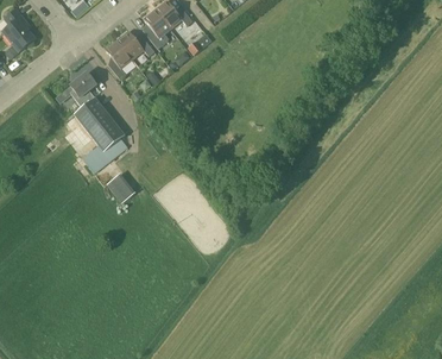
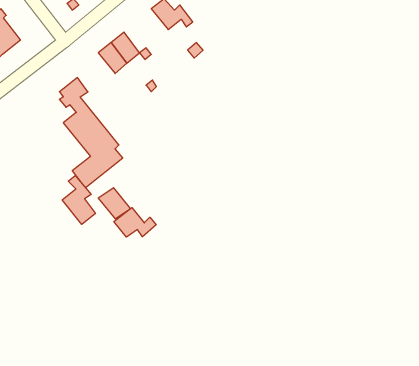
building: [143,8,170,48] -> none
building: none -> [62,176,95,224]
building: none -> [114,208,156,237]

